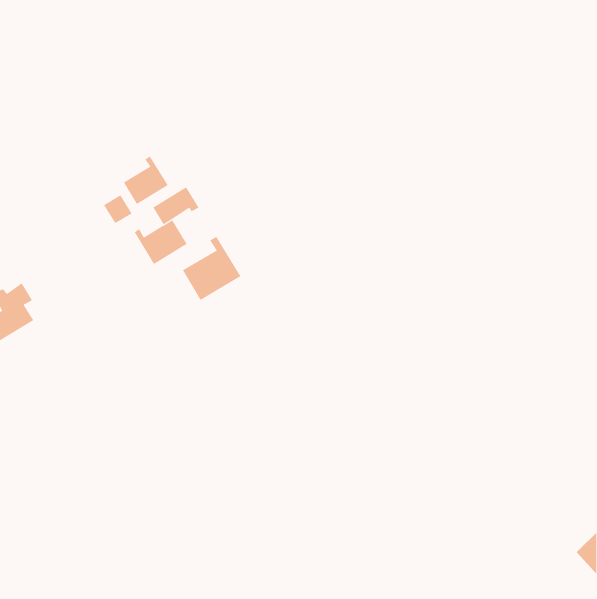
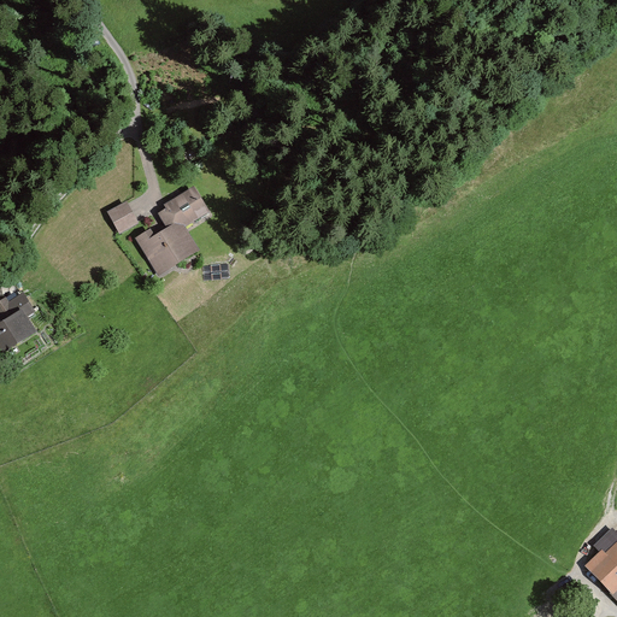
building: [123,156,169,205] -> none
building: [182,236,241,301] -> none

